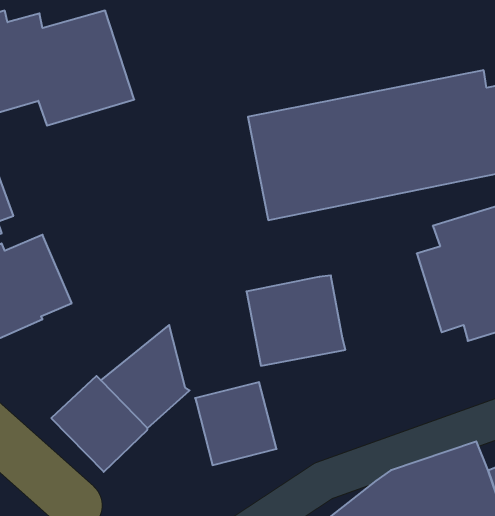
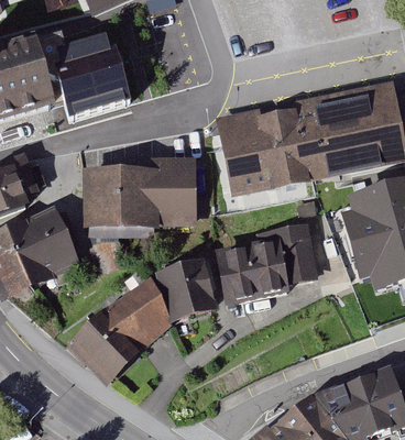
building: none -> [83,158,196,229]
building: none -> [269,223,318,284]
building: [195,382,277,465] -> [155,258,217,321]

